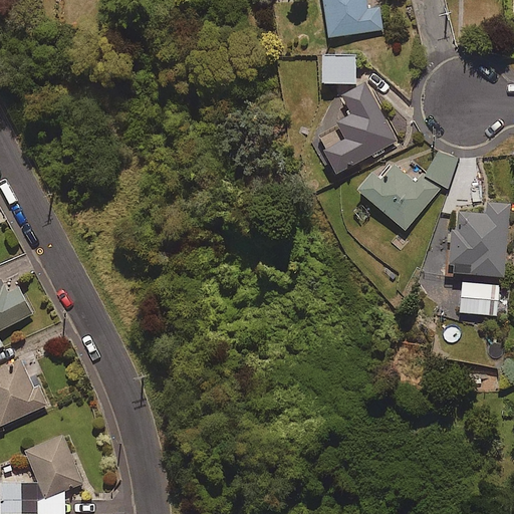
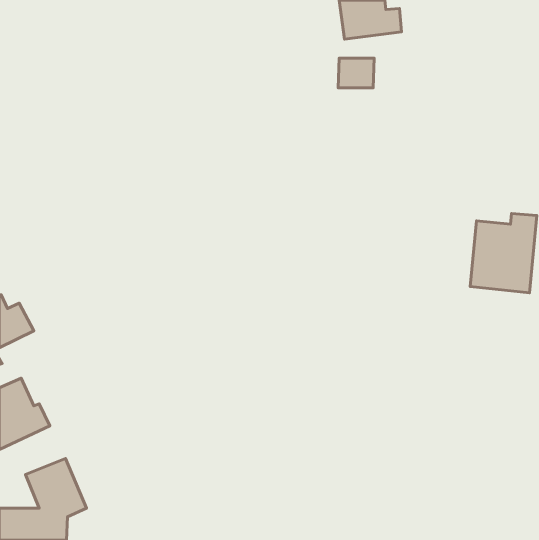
building: [319,83,396,172] -> none
building: [363,163,439,230] -> none
building: [459,282,499,315] -> none

